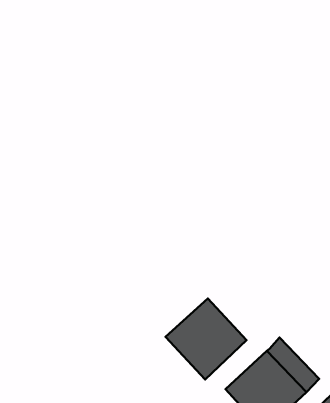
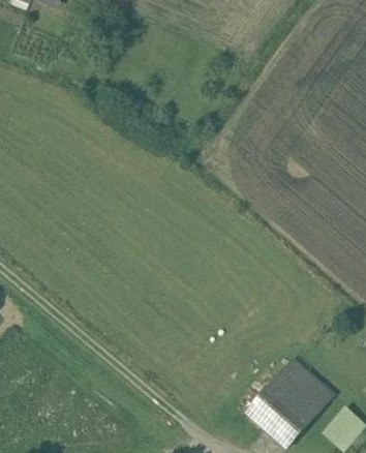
building: [165,299,246,379] -> none

